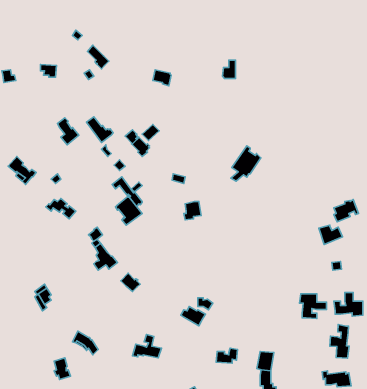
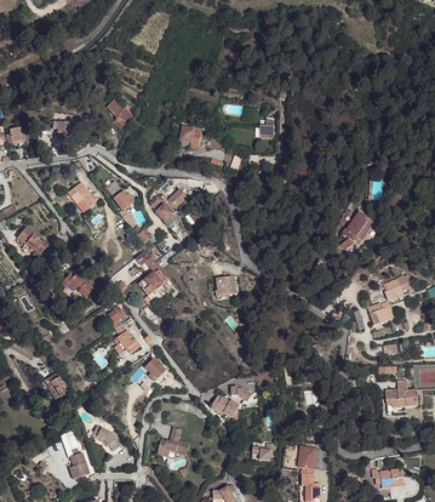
building: [231,146,261,181] -> [340,209,374,249]
building: [300,294,326,319] -> none
building: [330,324,349,358] -> none

